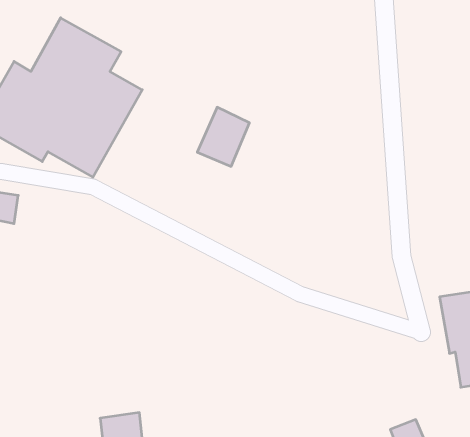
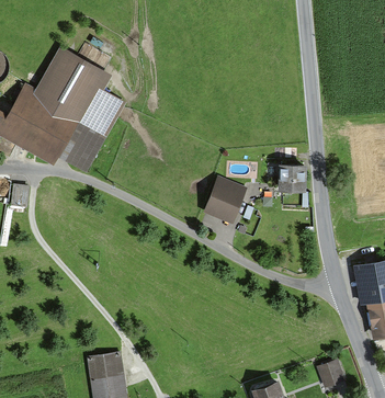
building: [197,107,249,166] -> [204,175,245,221]
building: none -> [281,161,309,189]

